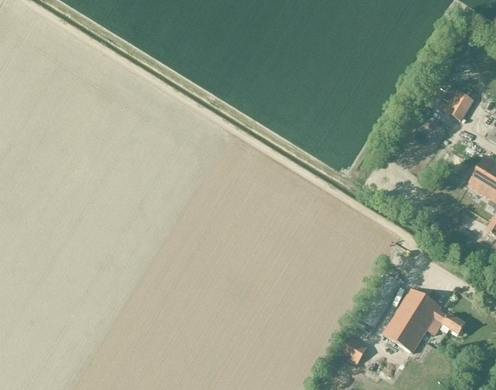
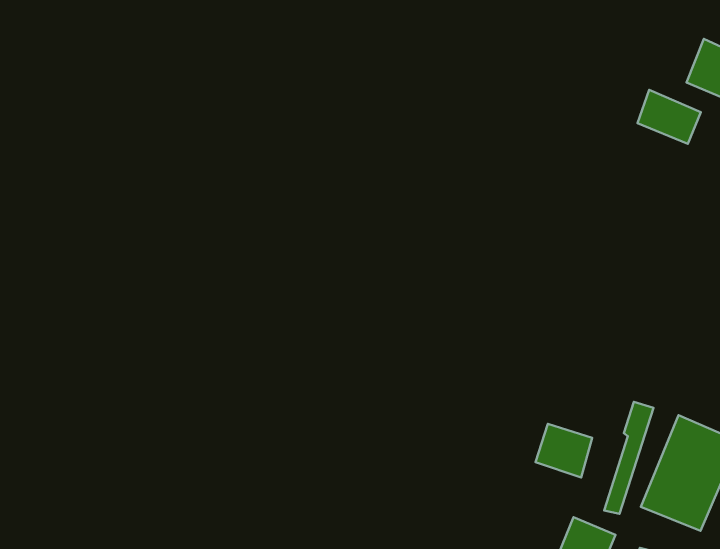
building: none -> [637,90,701,144]
building: none -> [536,424,592,478]

